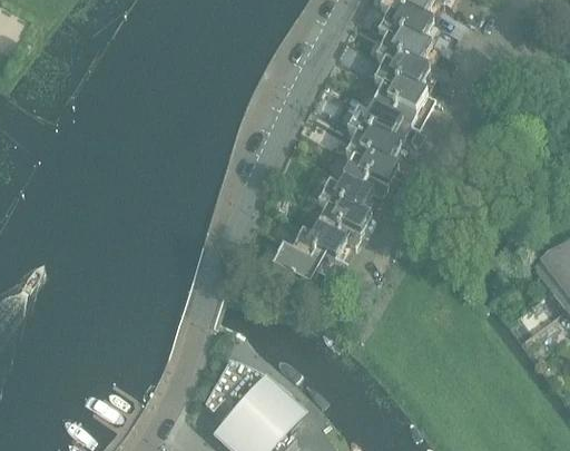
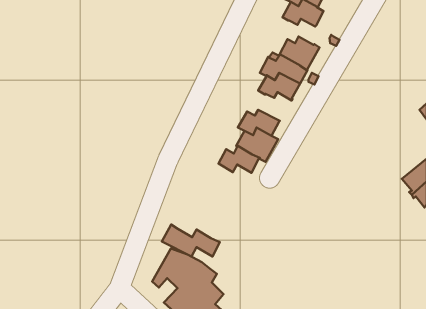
building: [373,56,428,90] -> none
building: [342,153,396,196] -> none
building: [269,242,346,284] -> [162,225,220,257]

